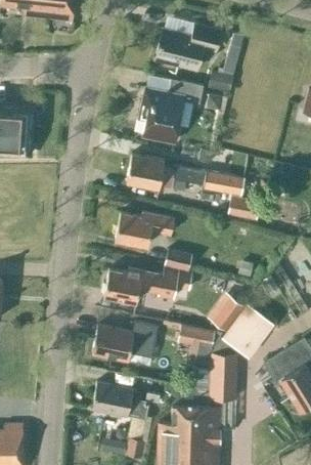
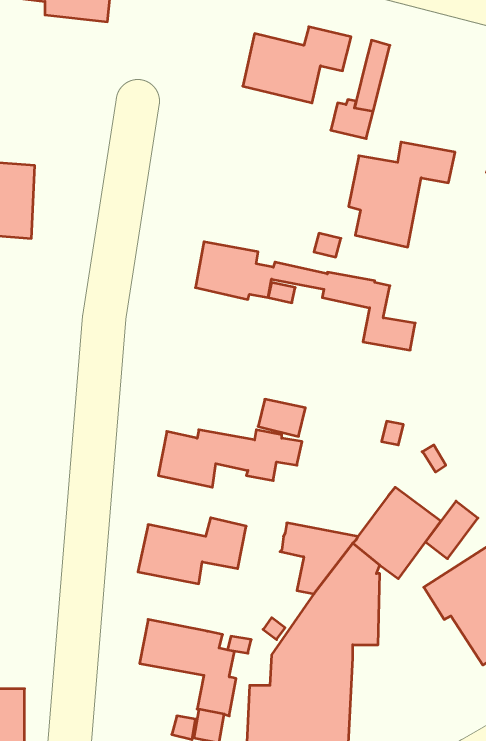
building: [139,80,204,143] -> [349,142,455,247]
building: [116,212,175,247] -> none
building: [212,298,243,333] -> [426,501,478,559]

